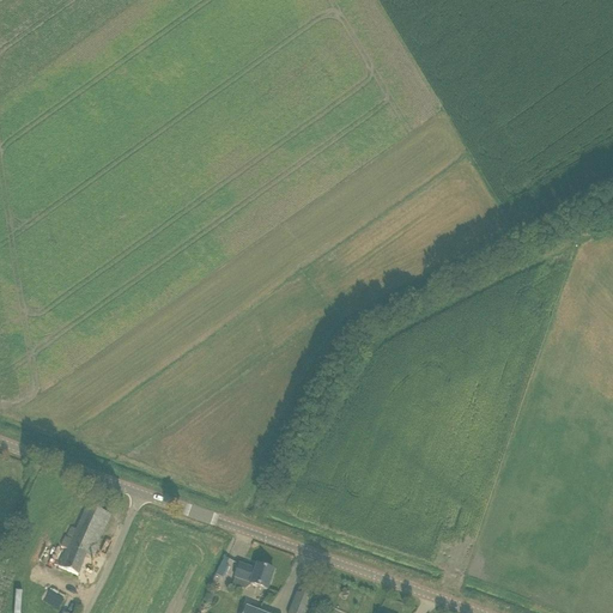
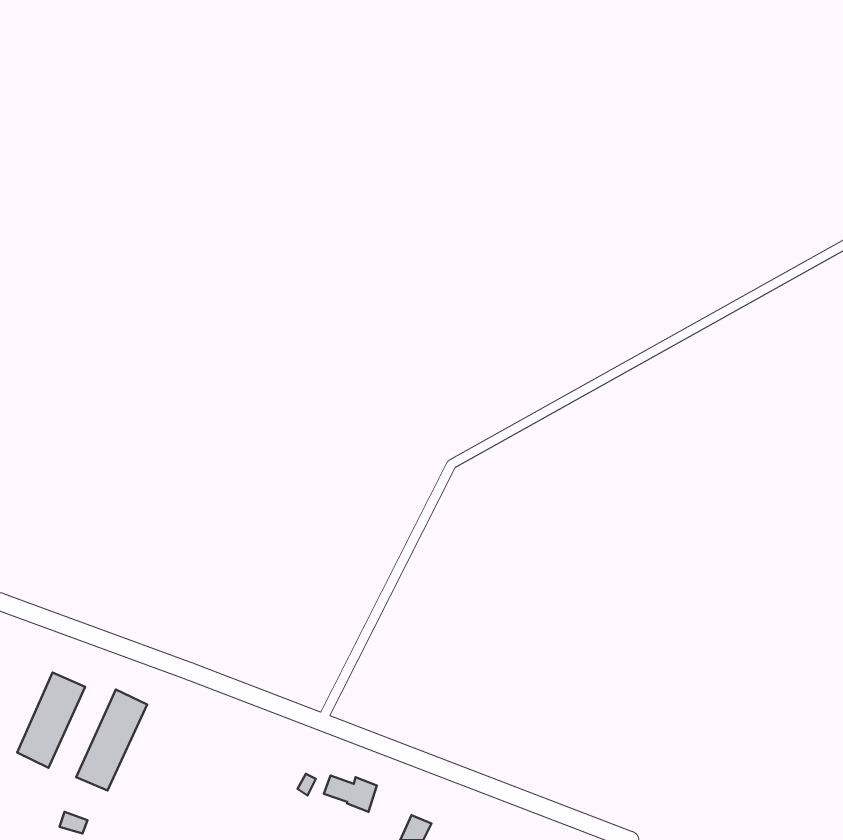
building: none -> [17,673,85,768]

